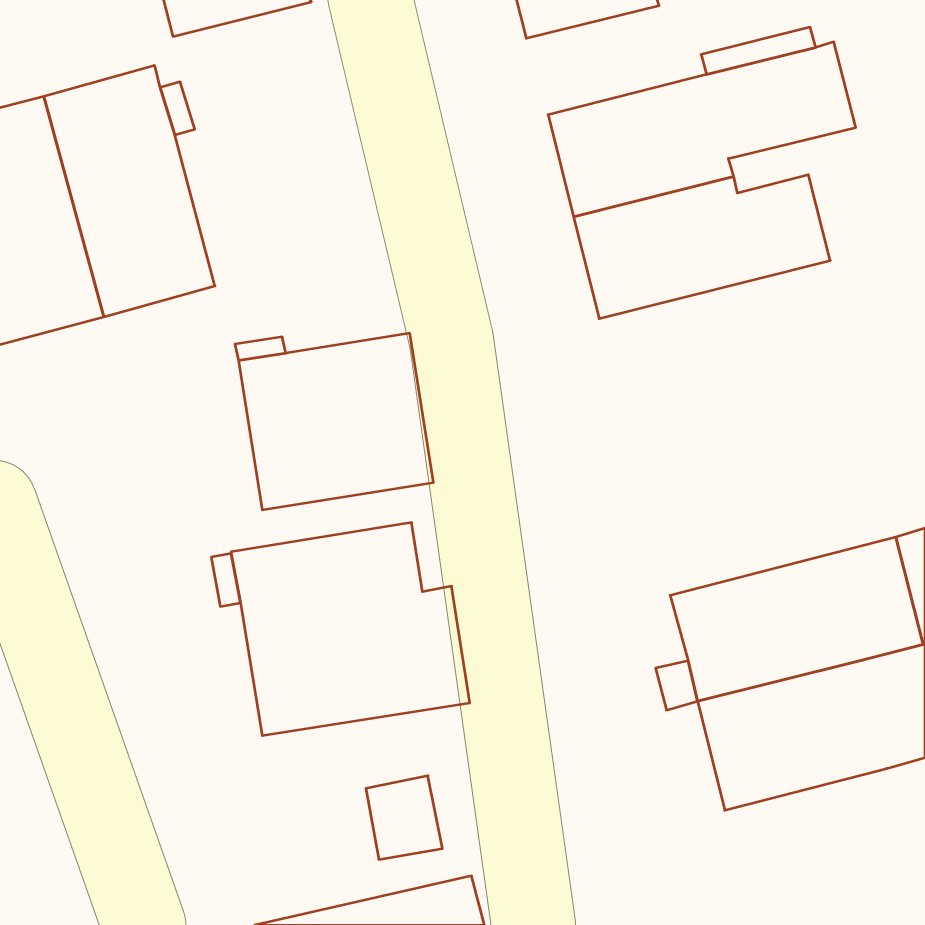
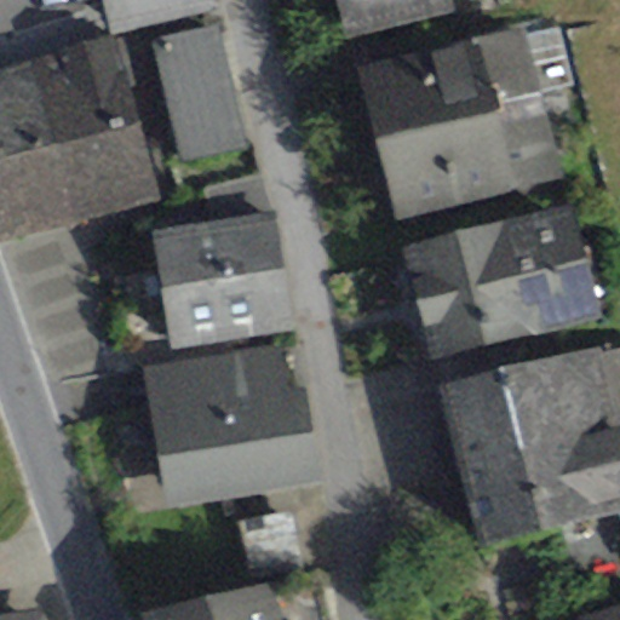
building: none -> [162,33,239,155]
building: none -> [411,219,584,350]

